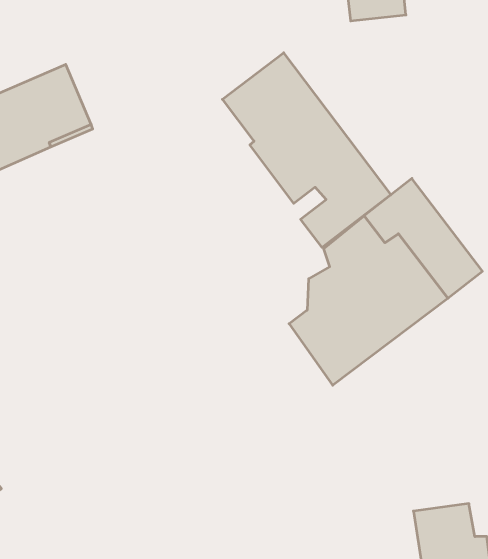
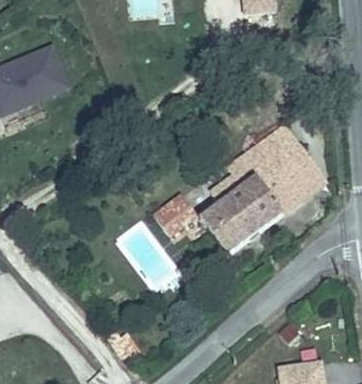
building: [222,53,391,247] -> none
building: none -> [150,195,193,236]

